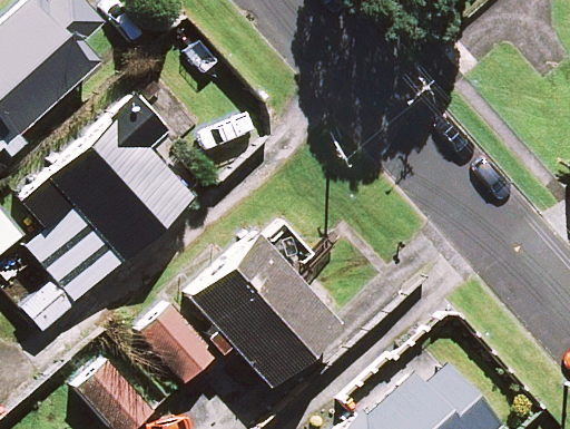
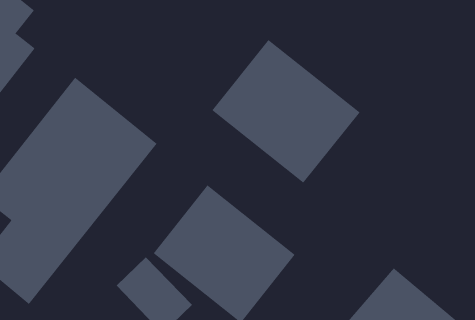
building: none -> [211,39,360,184]

